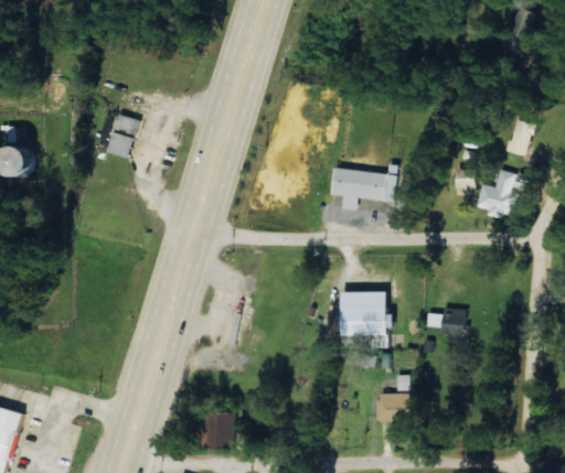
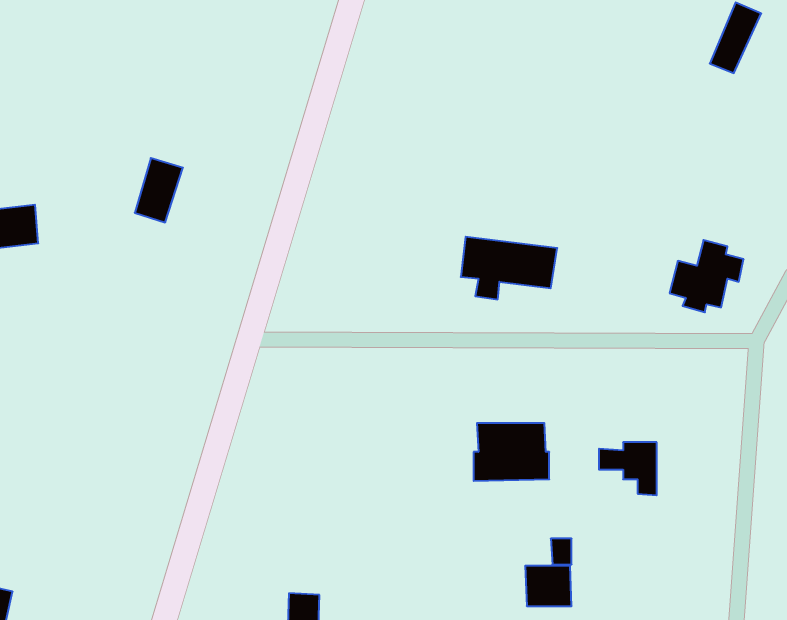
building: [504,119,533,157] -> none

